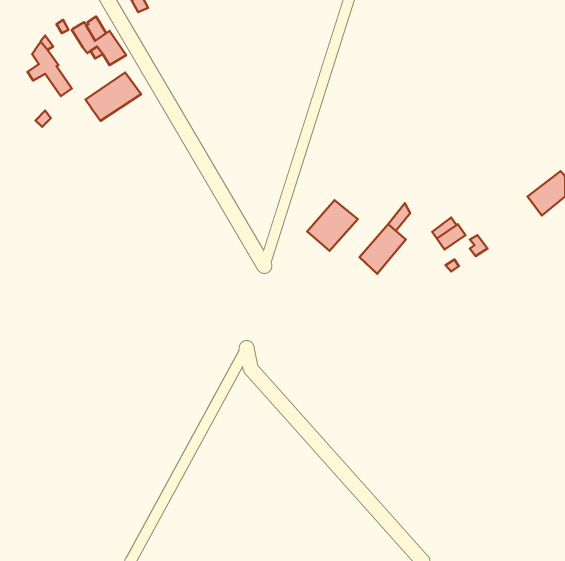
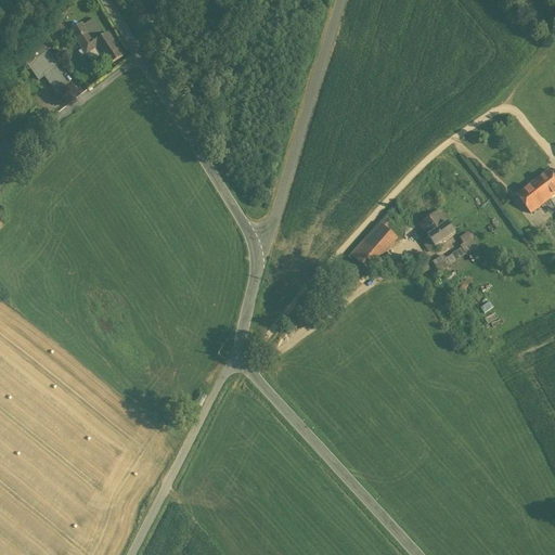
building: [86,73,141,121] -> none
building: [307,200,358,251] -> none

